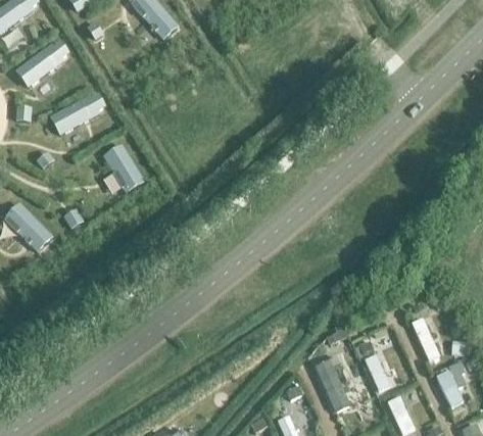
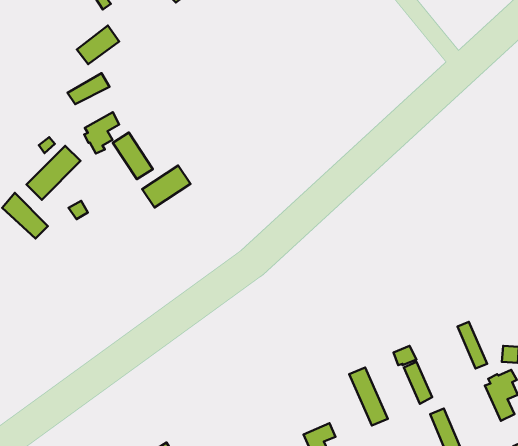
building: [29,42,66,77] -> [77,25,119,64]
building: none -> [84,112,119,153]
building: none -> [26,146,81,200]
building: none -> [142,166,190,207]

